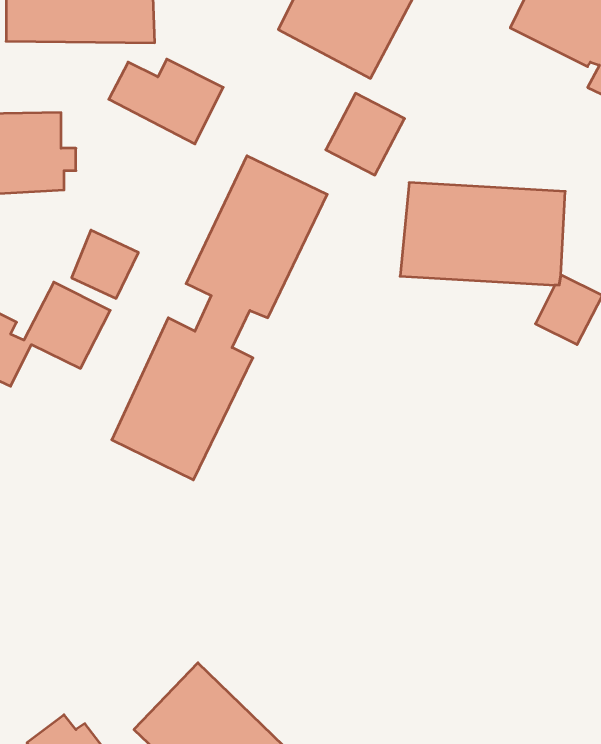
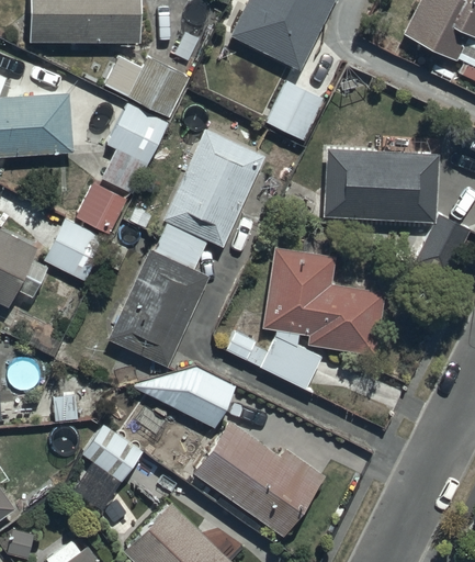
building: none -> [103,103,168,194]
building: none -> [224,246,383,390]
building: none -> [133,366,234,428]
building: none -> [193,420,323,535]
building: none -> [71,424,142,510]

